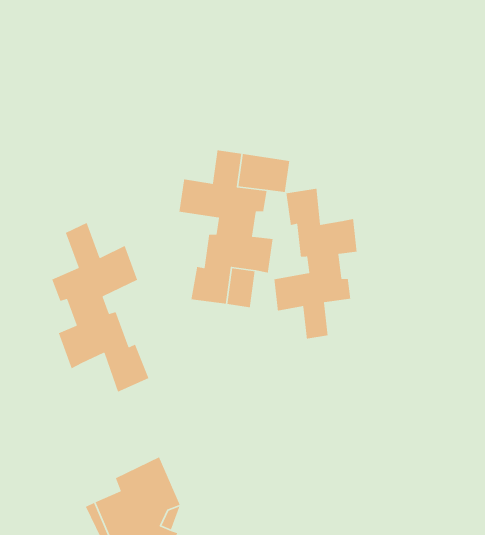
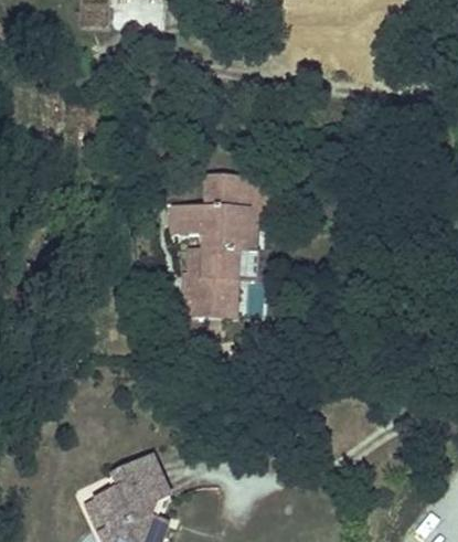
building: [273,188,357,340] -> none
building: [51,222,150,393] -> none

